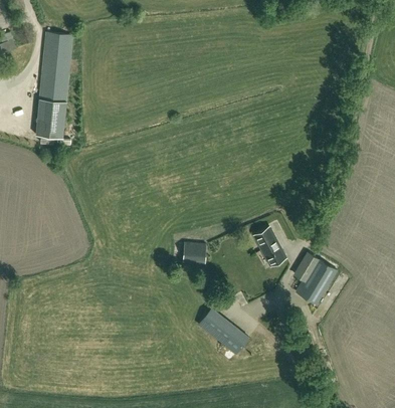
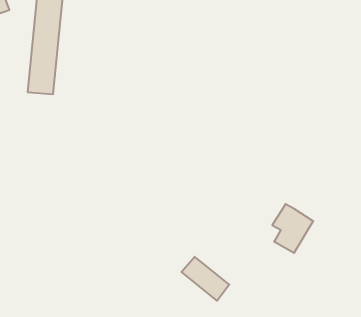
building: [253,227,284,265] -> none
building: [182,242,206,263] -> none

